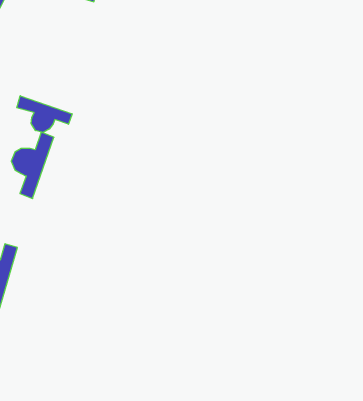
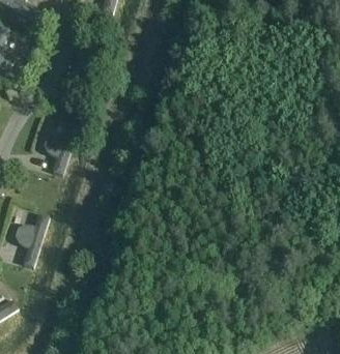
building: [17,96,72,132] -> none

